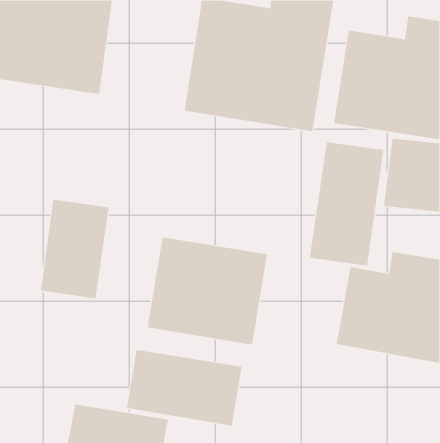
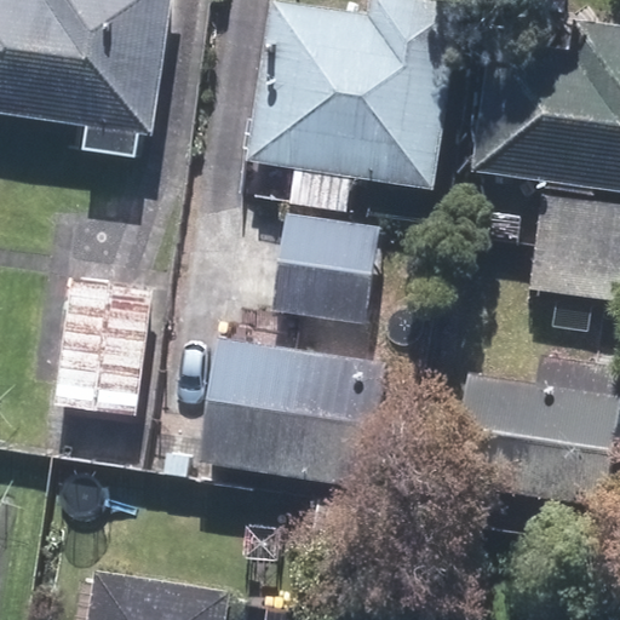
building: [309,141,384,267] -> none
building: none -> [272,212,388,325]
building: [126,349,242,427] -> none

